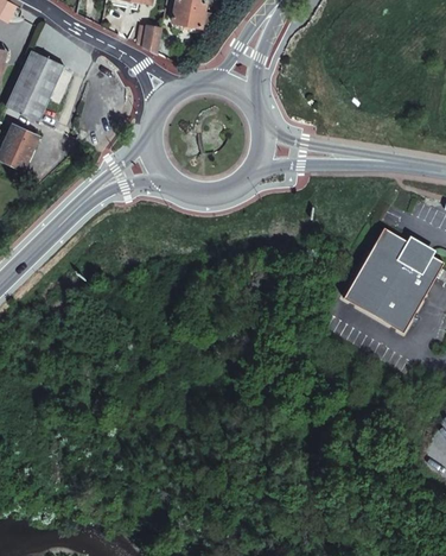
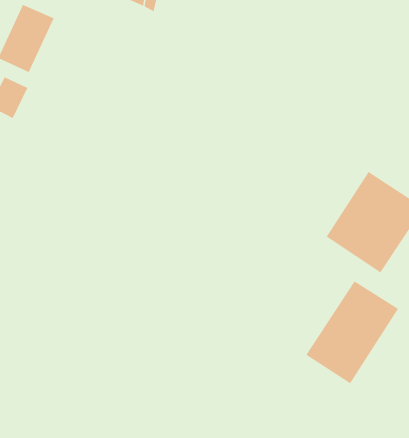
building: none -> [305,280,399,384]

